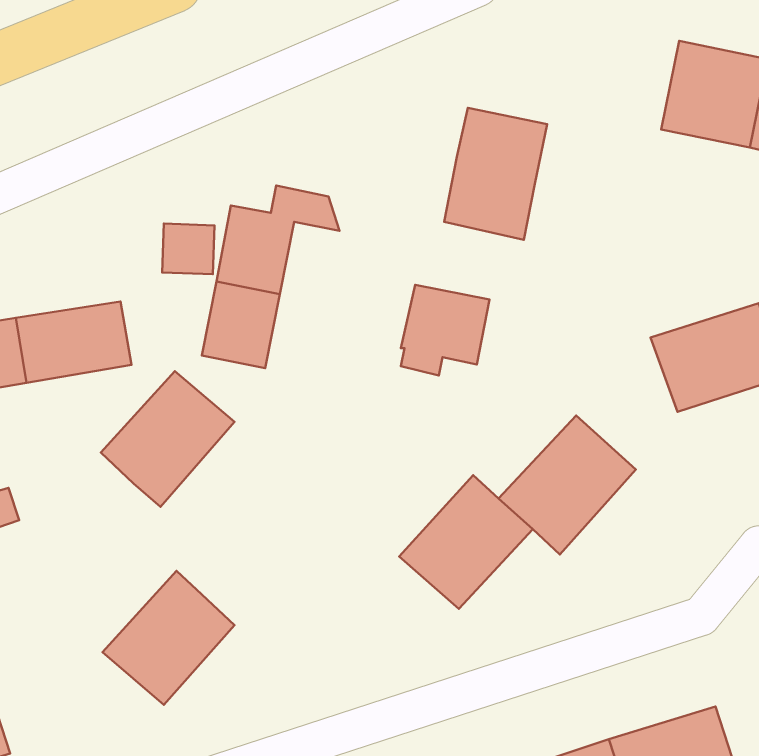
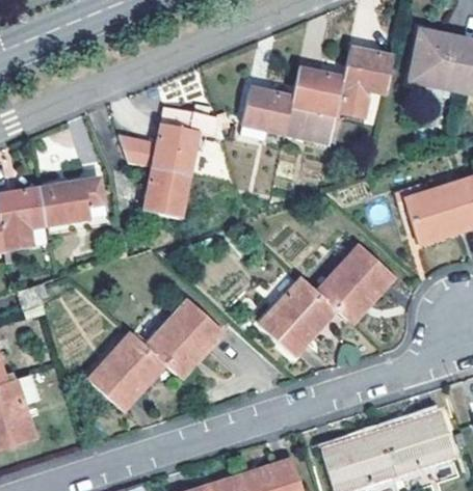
building: none -> [336,48,393,117]
building: [401,285,489,375] -> [240,87,291,139]
building: [101,371,235,507] -> [144,300,221,378]

